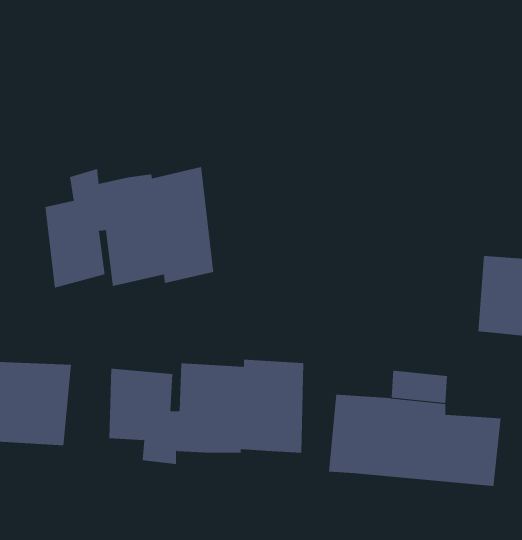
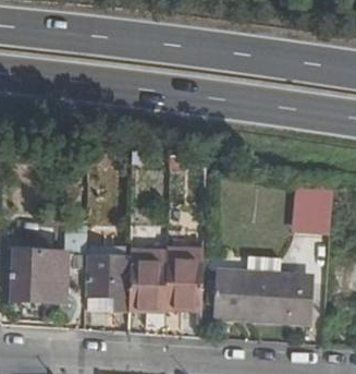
building: [45,166,214,289] -> none

